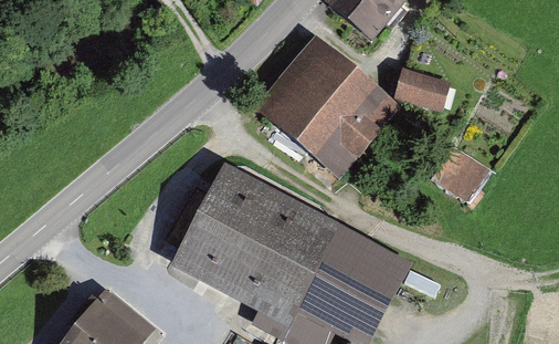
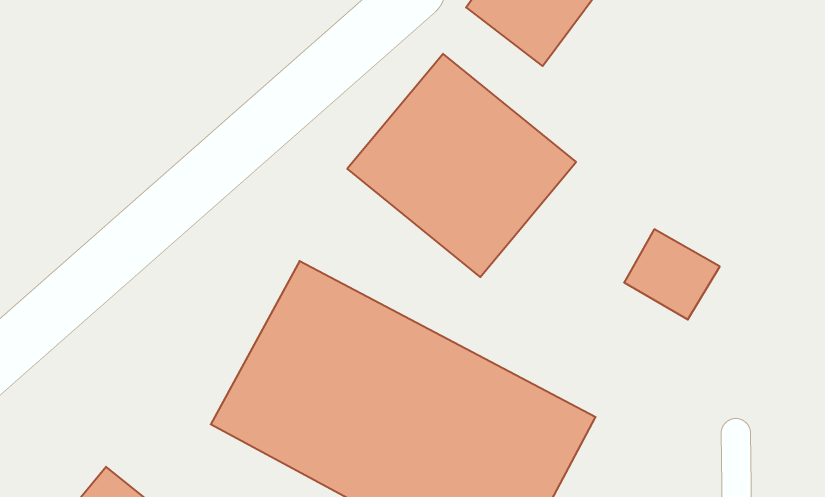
building: [394,65,452,107] -> none

